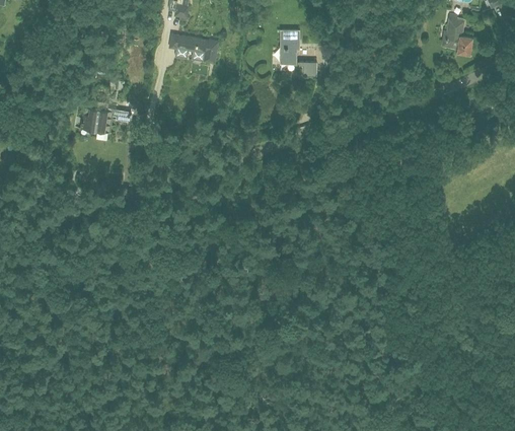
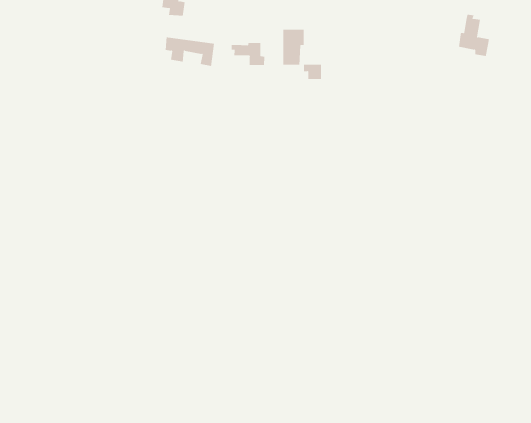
building: none -> [231,42,265,66]
building: [81,101,114,133] -> none

